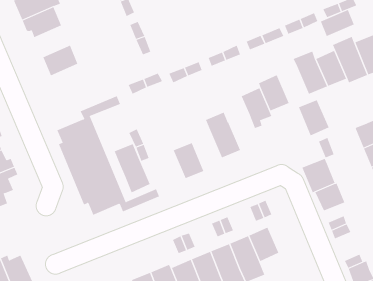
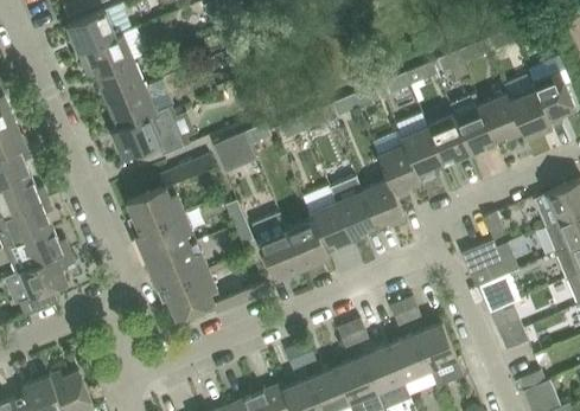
building: [320,9,354,37] -> none
building: none -> [95,60,145,103]
building: none -> [111,109,183,159]
building: [298,99,329,136] -> [427,116,470,166]
building: none -> [361,180,403,230]
building: none -> [308,203,351,258]
building: [114,143,150,193] -> [251,213,301,281]
building: none -> [414,323,463,387]

